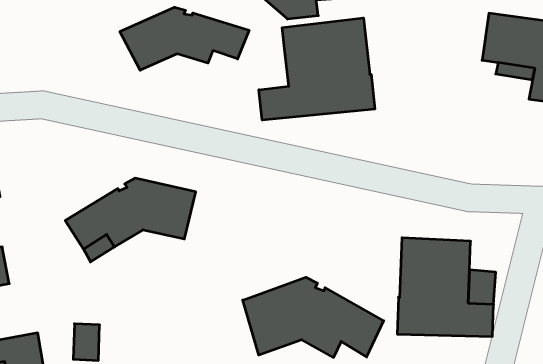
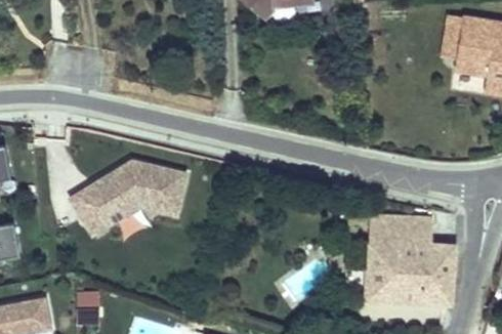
building: [120,7,249,70] -> none
building: [259,18,375,120] -> none
building: [243,277,384,357] -> none

